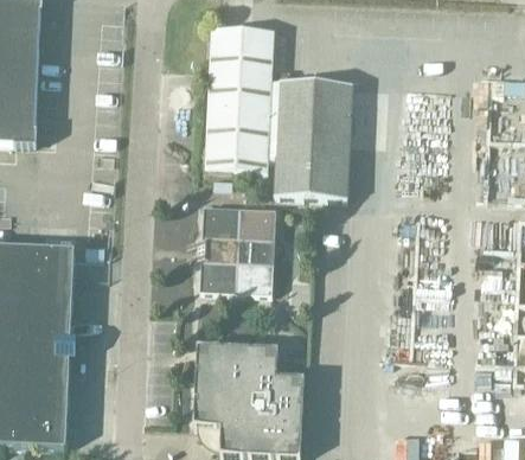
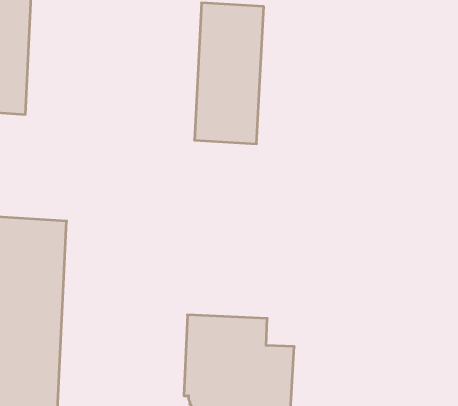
building: [268,78,352,197] -> none
building: [199,205,275,292] -> none

